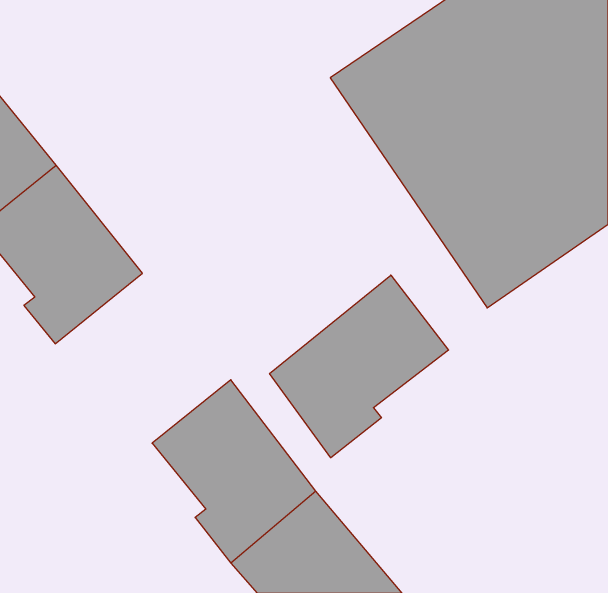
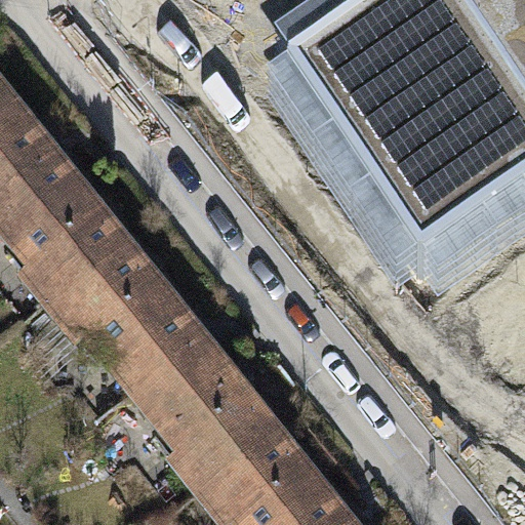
building: none -> [47,234,198,379]
building: [270,275,449,458] -> none

